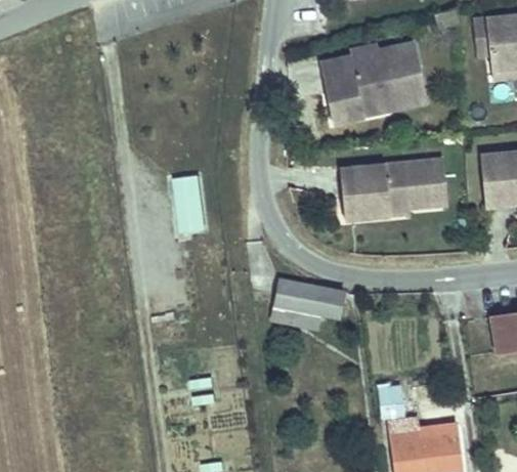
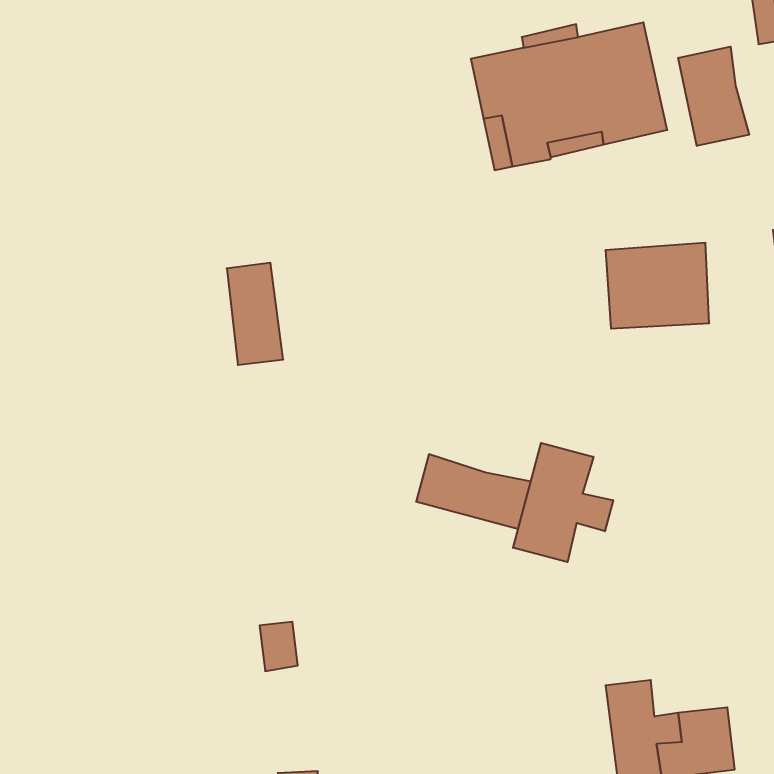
building: none -> [678,47,749,146]
building: [342,167,392,221] -> none
building: none -> [513,443,613,562]

